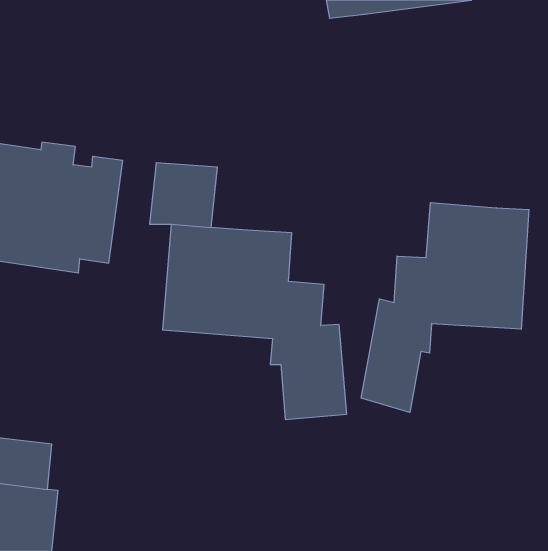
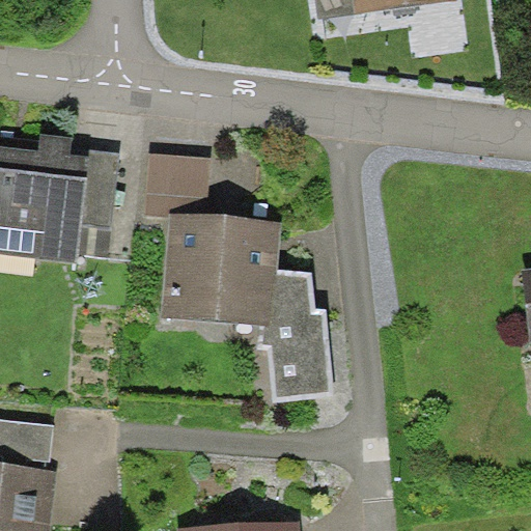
building: [361,203,529,413] -> none

